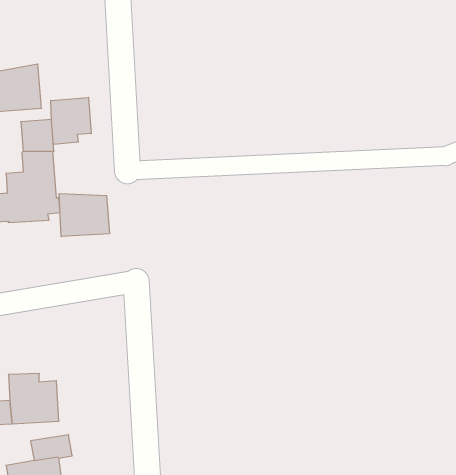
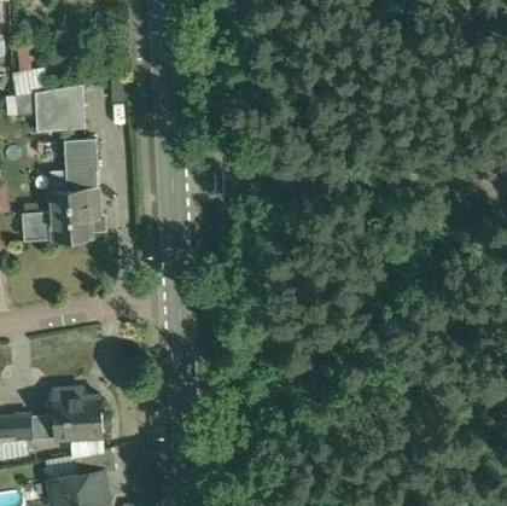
building: [51,97,91,144] -> none
building: [59,194,109,237] -> none

